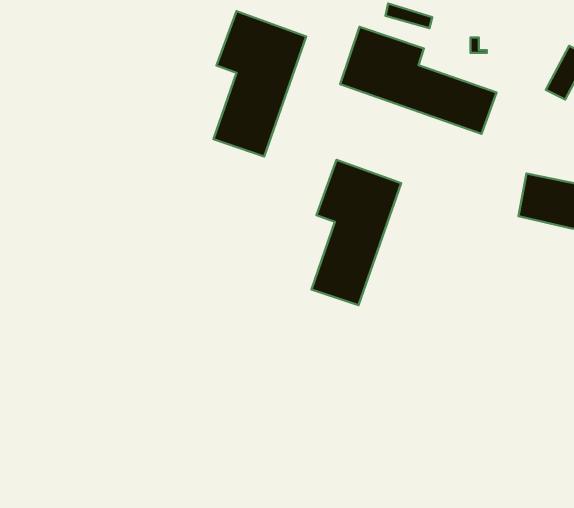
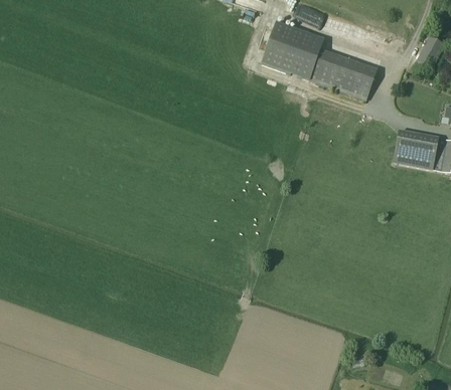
building: [213,11,306,156] -> none
building: [311,160,401,305] -> none

